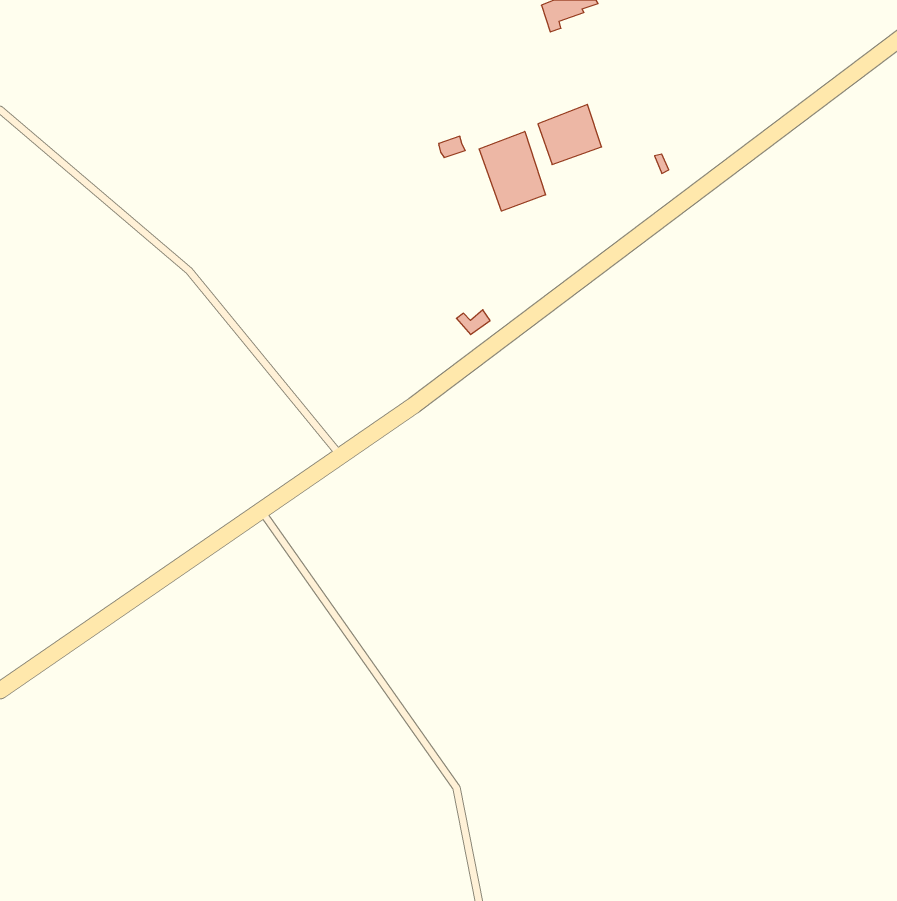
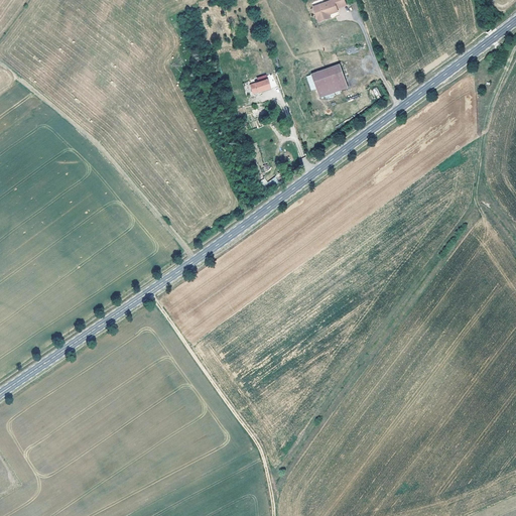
building: [479,131,546,211] -> none

